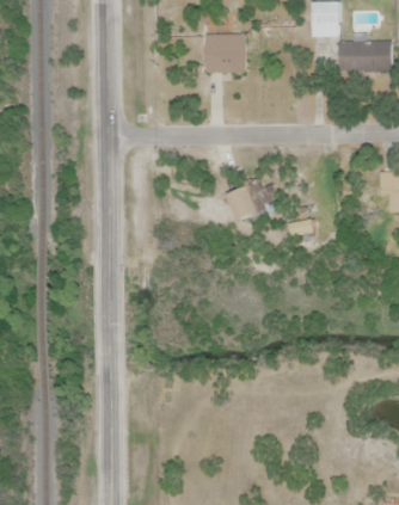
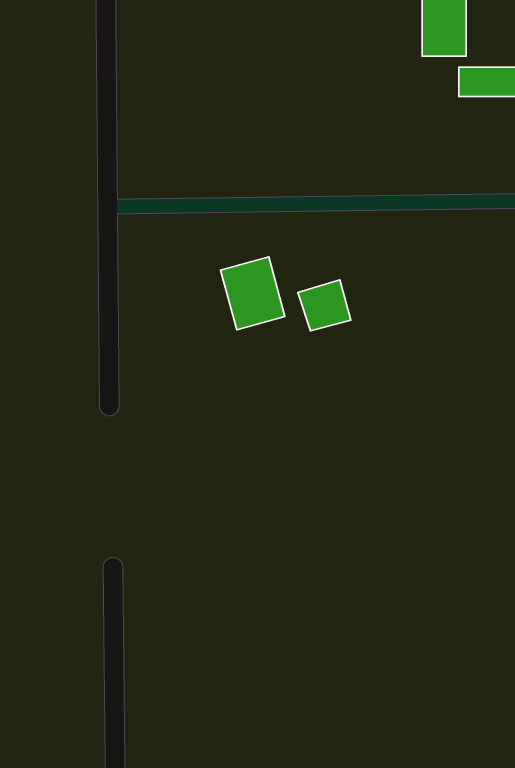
building: [208,35,245,72] -> none
building: none -> [221,257,285,330]

